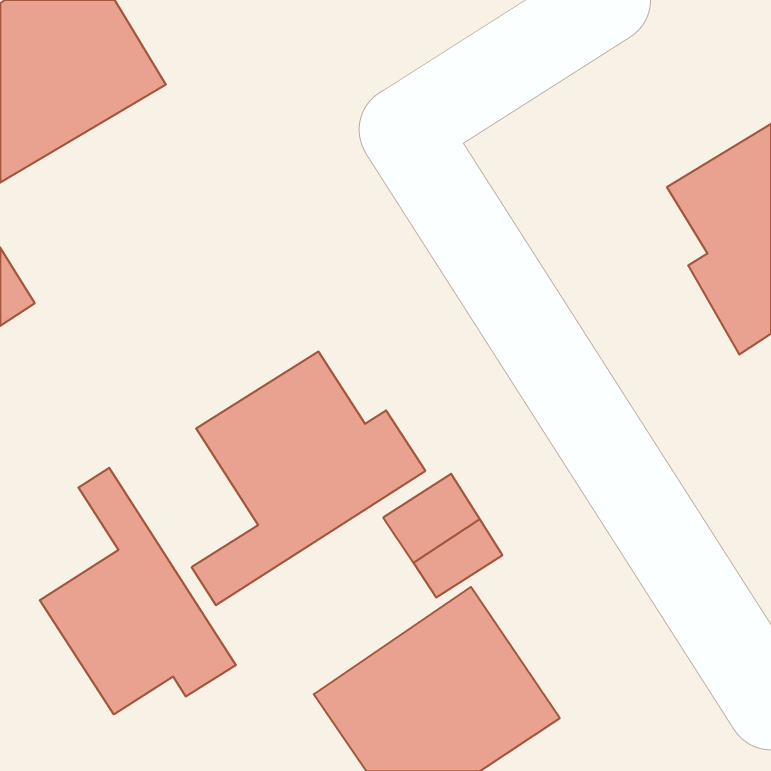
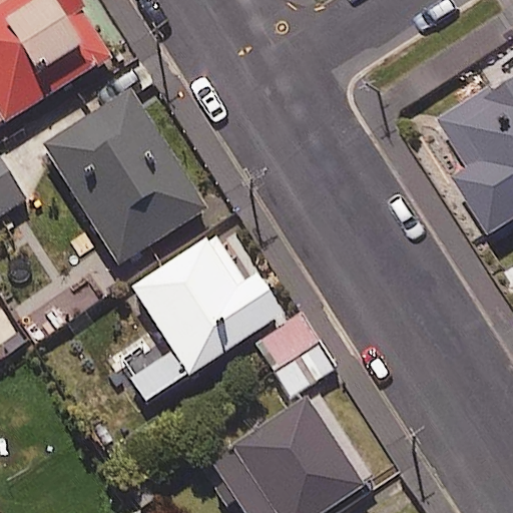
building: none -> [39,63,201,264]
building: [40,468,236,714] -> none

